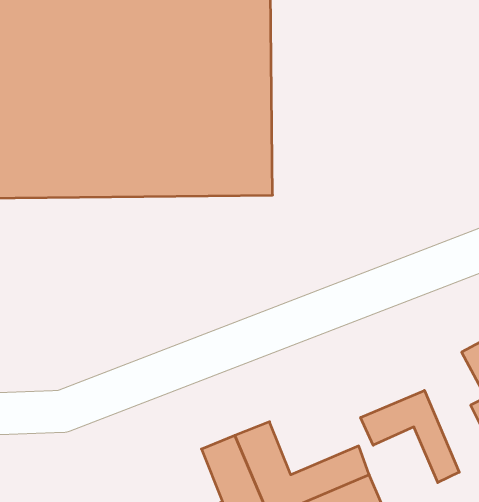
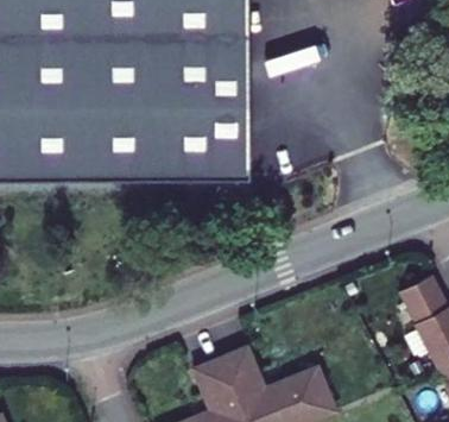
building: [361,390,459,483] -> none

